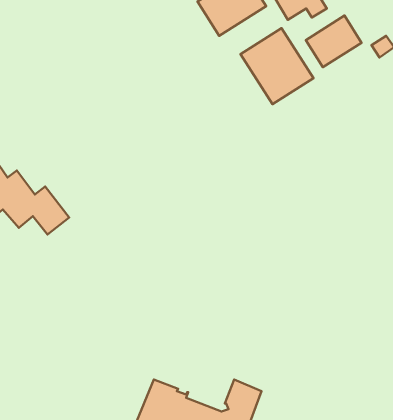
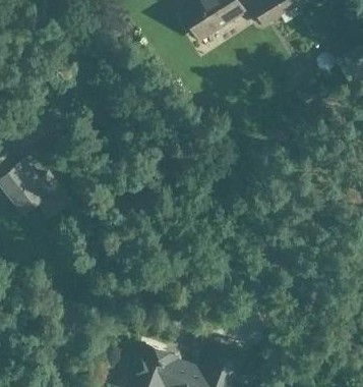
building: [306,16,362,67] -> none
building: [240,28,314,104] -> none

